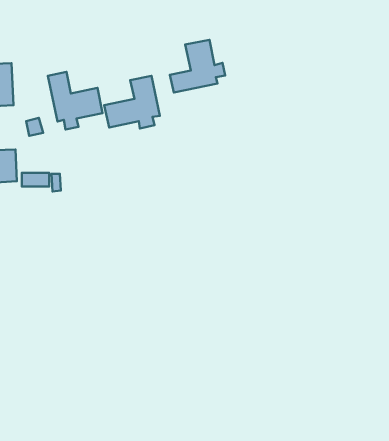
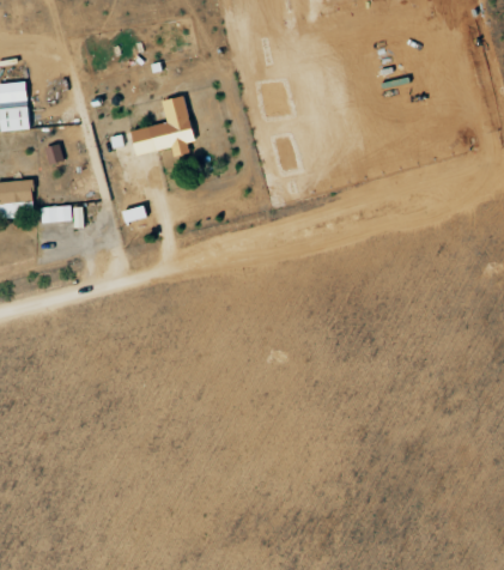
building: [170,40,225,93] -> none
building: [48,72,102,130] -> none

